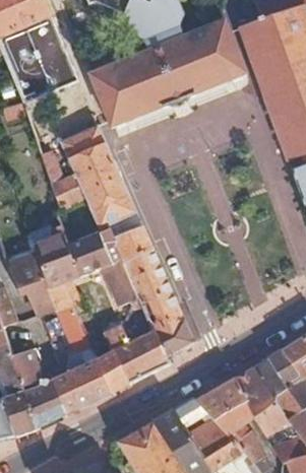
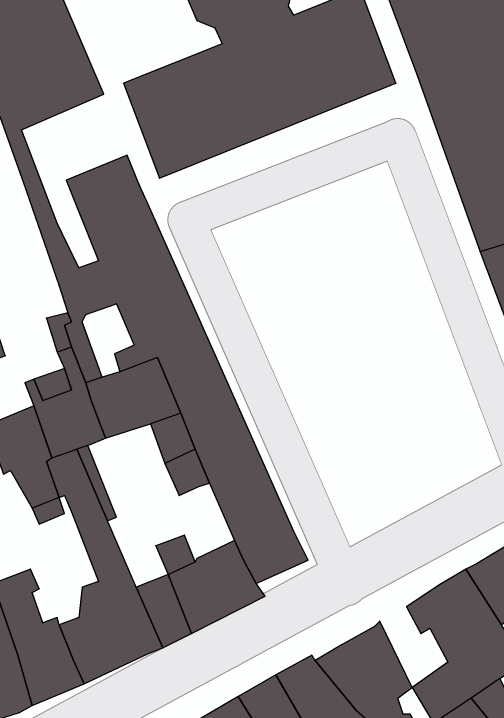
building: [235,369,273,415] -> none

